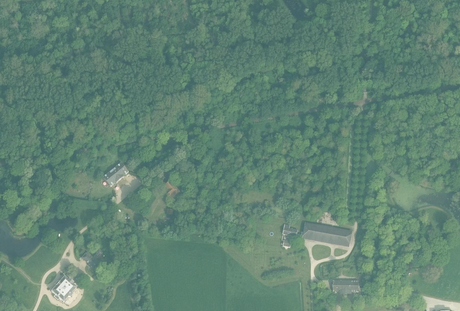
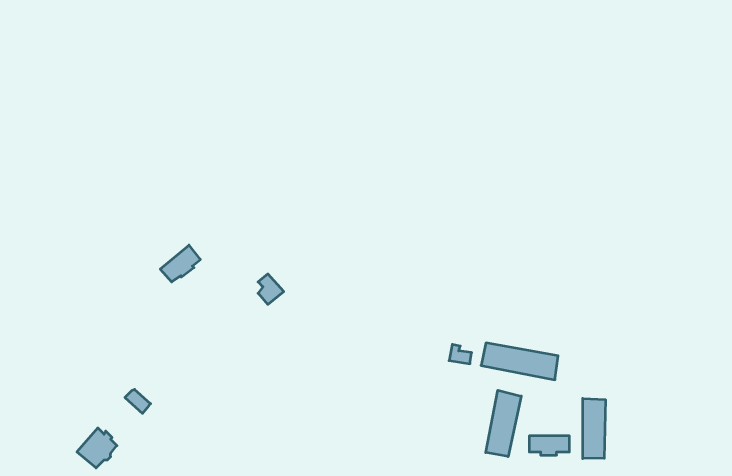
building: none -> [486,390,521,457]
building: none -> [583,398,605,459]

